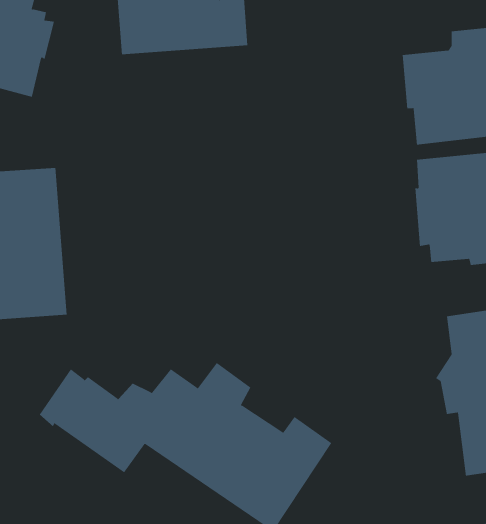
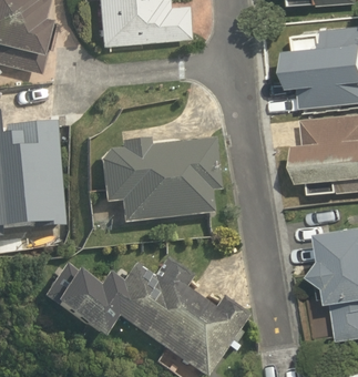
building: none -> [100,139,221,222]

